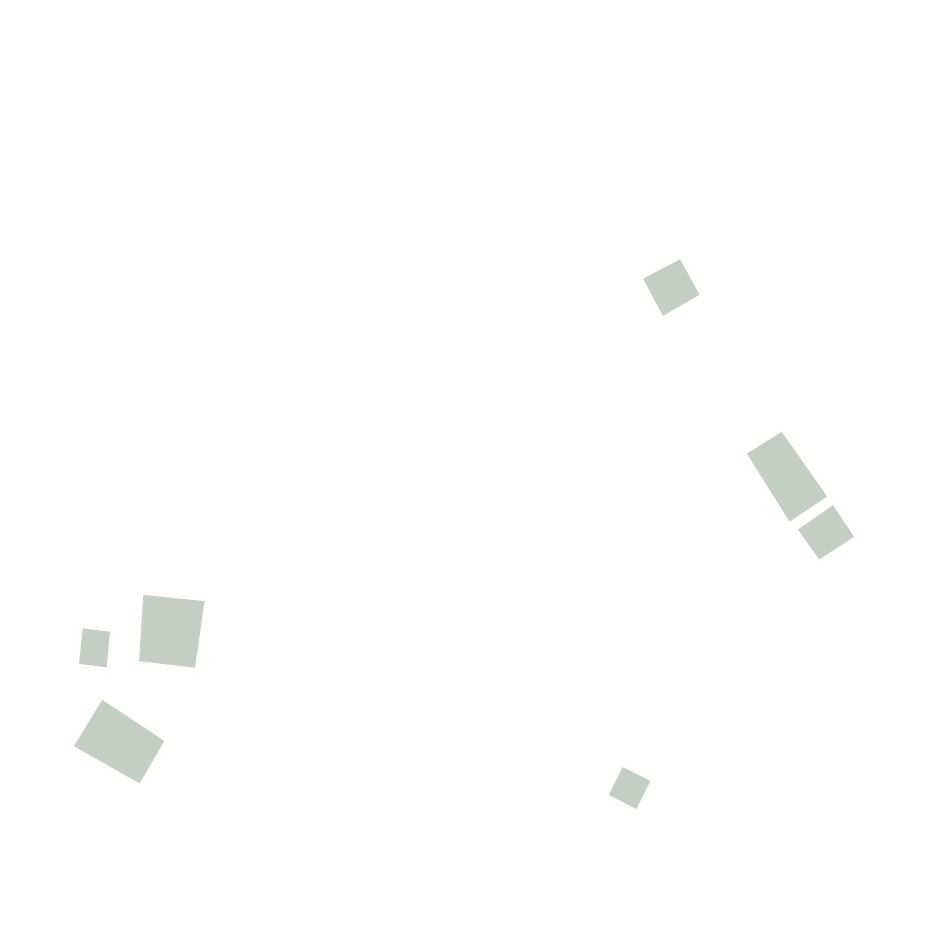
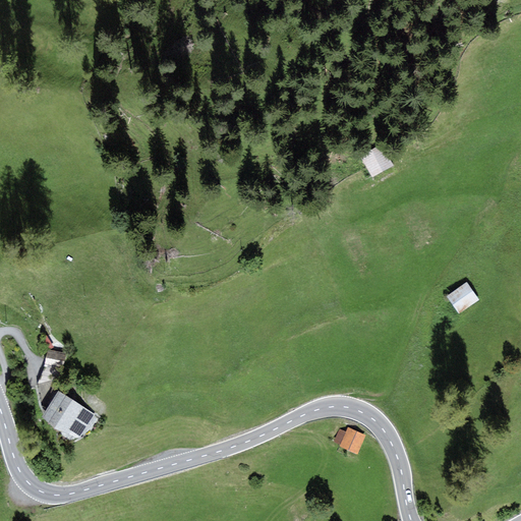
building: [746,431,828,523] -> none
building: [139,594,205,668] -> none

